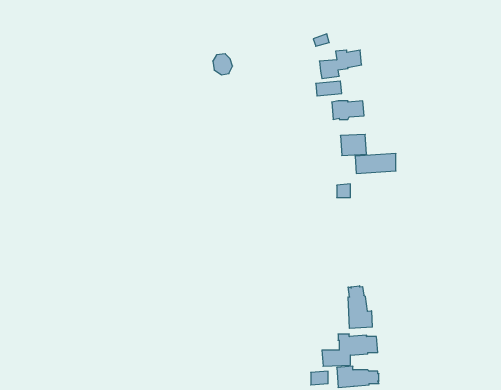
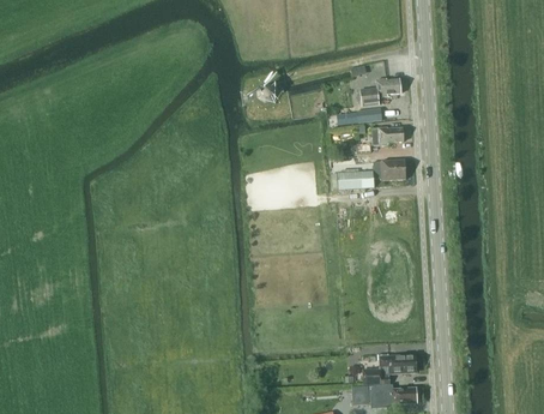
building: [355,154,396,173] -> [337,170,376,190]
building: [348,286,372,328] -> none

